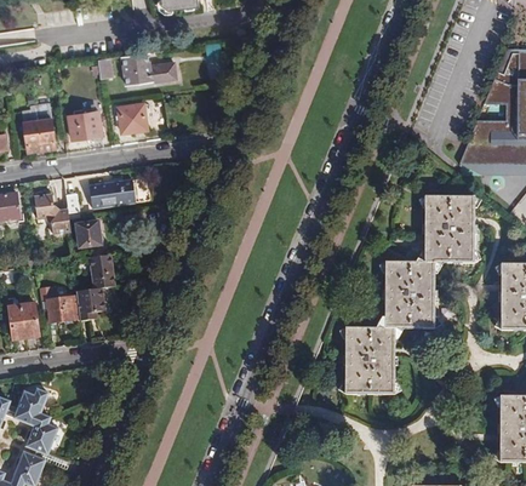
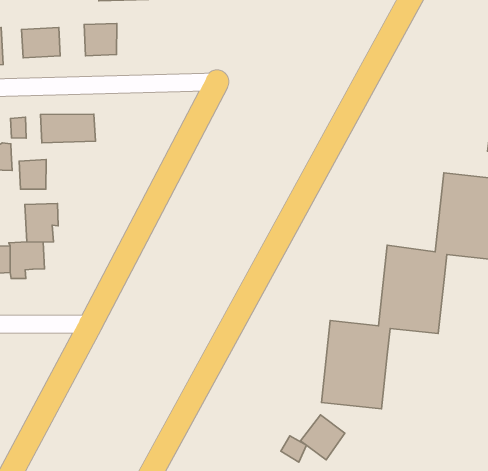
building: none -> [301,415,345,460]

